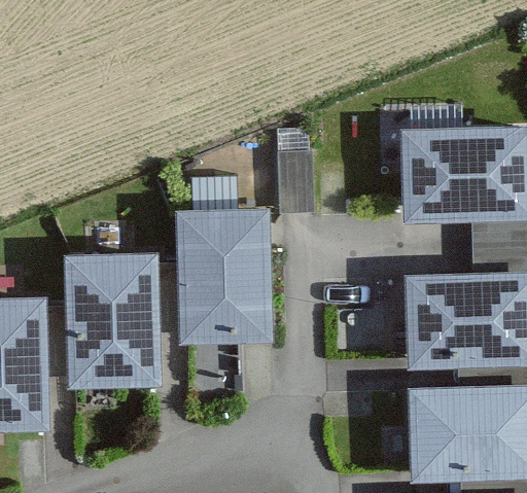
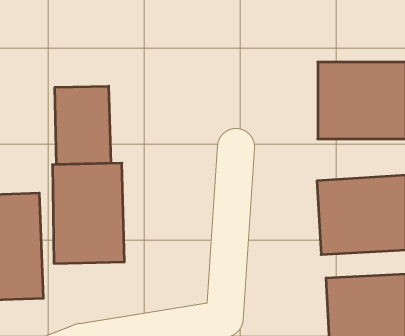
building: none -> [55,86,111,164]
building: [182,215,271,343] -> none

